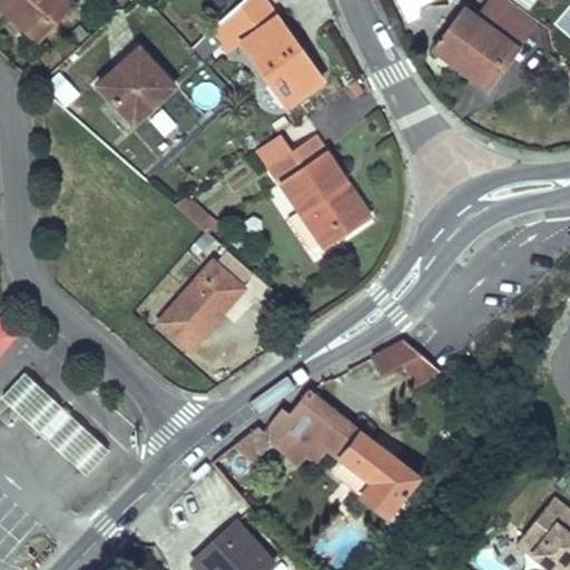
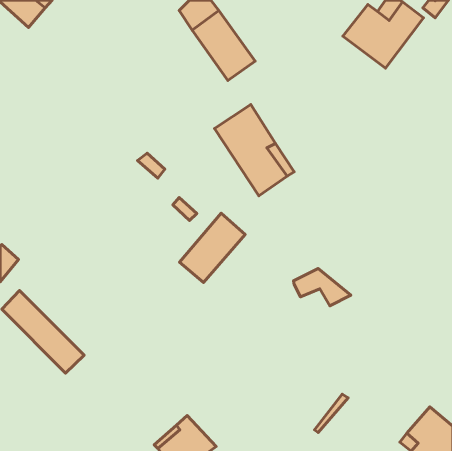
building: [98,48,175,122] -> none
building: [160,261,243,347] -> [179,213,245,282]
building: [213,394,416,518] -> none

